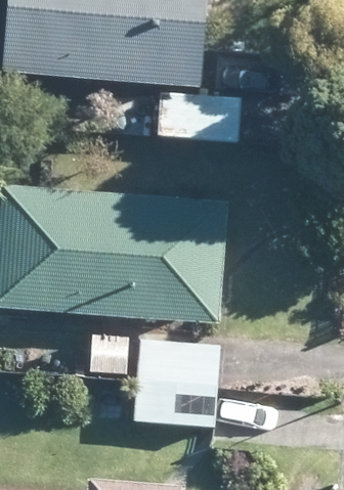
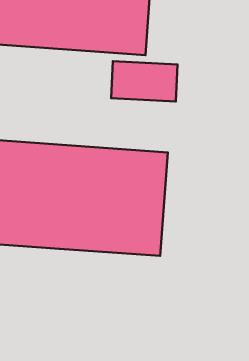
building: [96,339,220,428] -> none

